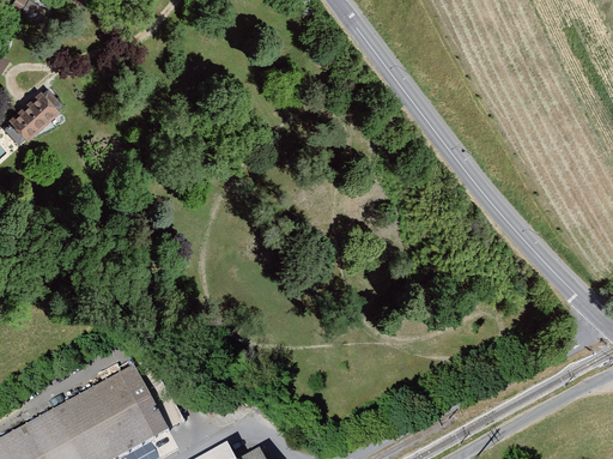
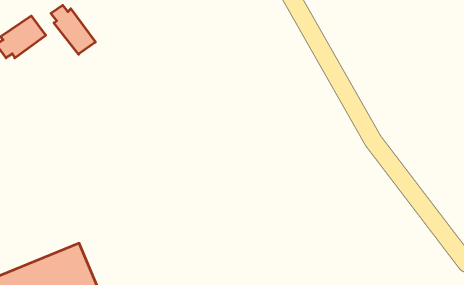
building: none -> [51,5,95,54]

